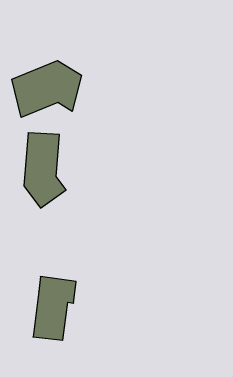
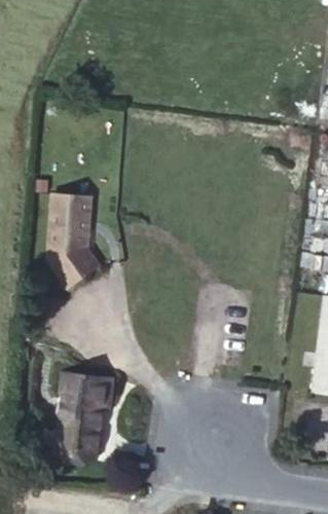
building: [12,61,82,117] -> none

